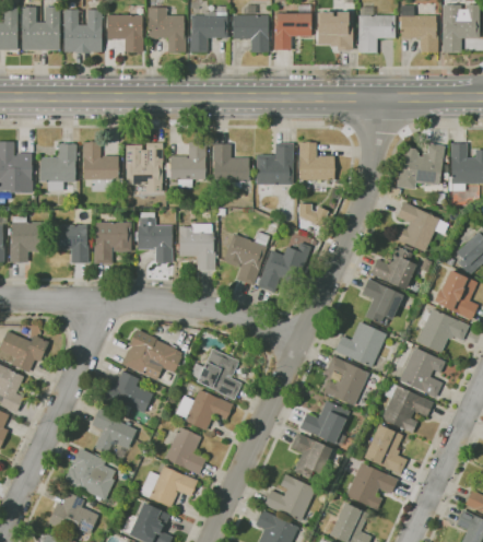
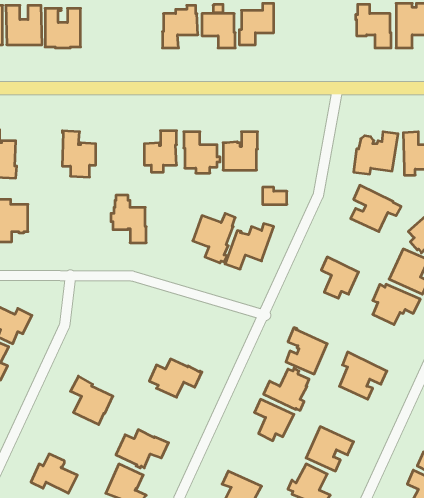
building: [357,7,396,54] -> none
building: [148,8,186,52] -> none
building: [317,12,353,50] -> none
building: [107,14,143,52] -> none
building: [298,142,334,180] -> none
building: [40,143,75,190] -> none
building: [126,143,163,191] -> none
building: [94,222,131,263] -> none
building: [179,223,217,270] -> none
building: [52,224,89,262] -> none
building: [370,245,416,290] -> none
building: [334,321,386,367] -> none
building: [121,329,182,380] -> none
building: [399,347,445,397] -> none
building: [189,349,241,399] -> none
building: [102,370,153,413] -> none
building: [356,424,407,474] -> none
building: [163,426,205,474] -> none
building: [63,448,116,500] -> none
building: [264,474,315,521] -> none

